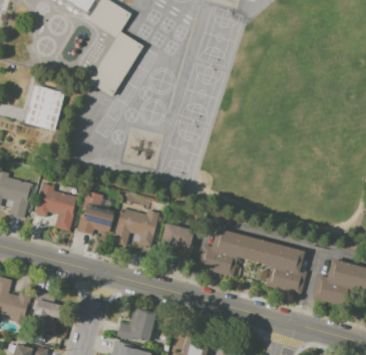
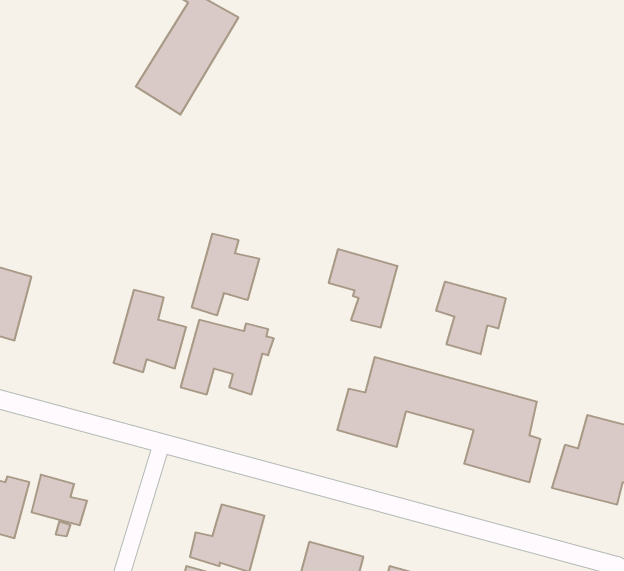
building: [25,85,65,131] -> none
building: none -> [192,234,259,315]
building: [34,184,79,232] -> none
building: none -> [436,282,506,354]
building: [160,223,198,265] -> [329,249,398,328]

